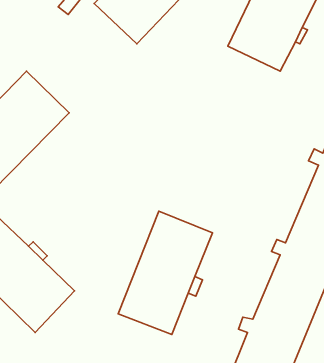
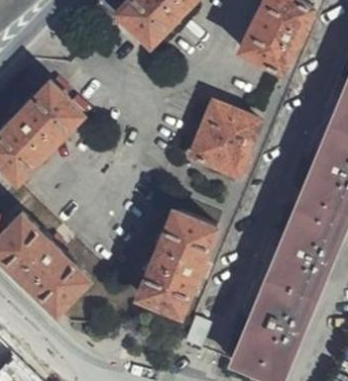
building: none -> [187,98,263,181]

